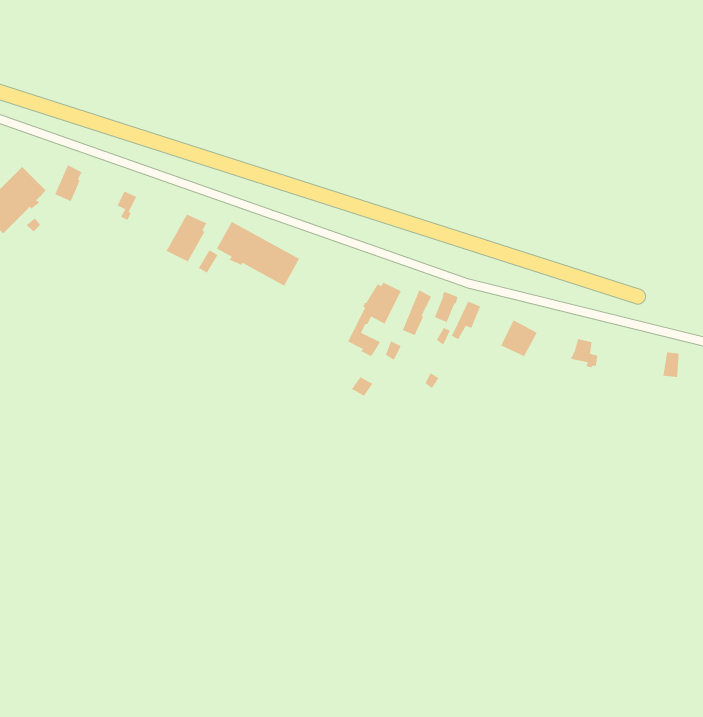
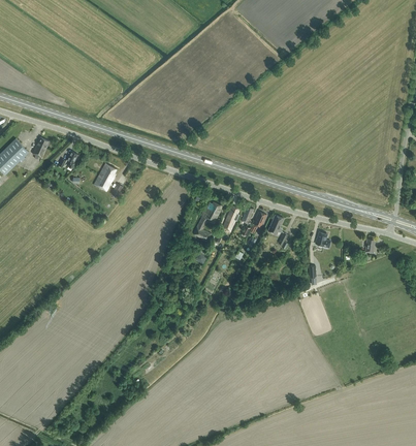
building: [216,221,300,287] -> none

